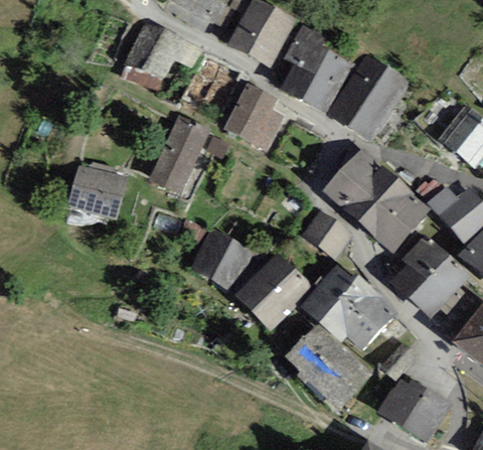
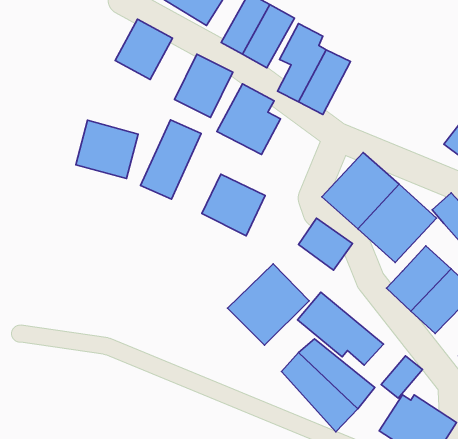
building: [332,56,409,140] -> none
building: [67,163,127,218] -> [76,120,138,179]
building: [190,231,251,289] -> [202,174,265,236]
building: [322,263,398,329] -> none

